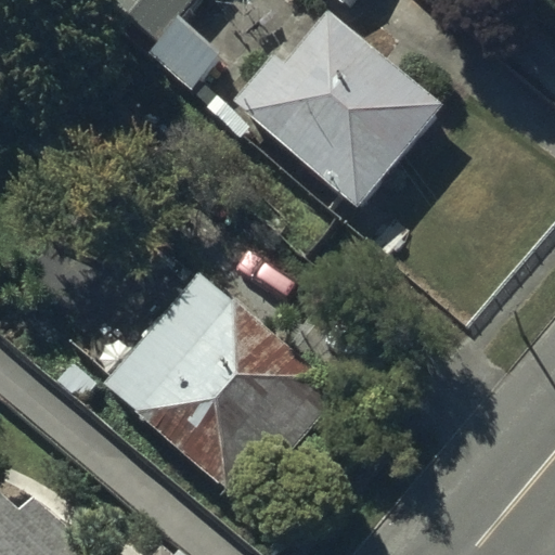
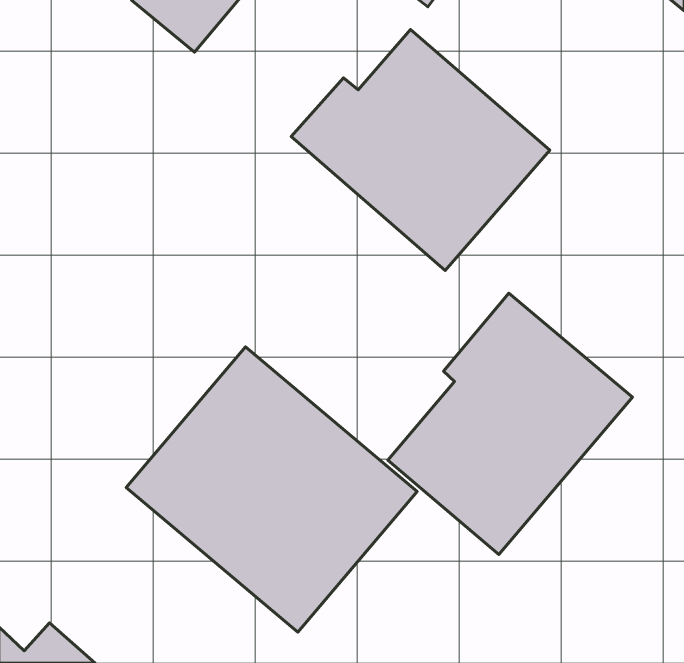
building: none -> [388,293,632,555]

